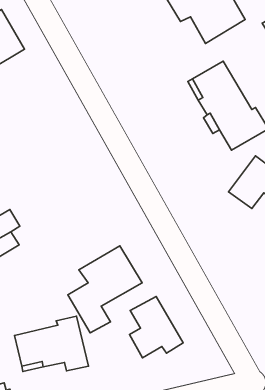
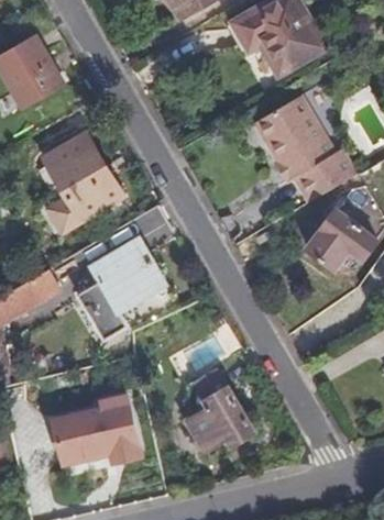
building: none -> [41,132,121,229]
building: [68,246,142,333] -> [78,237,166,341]

